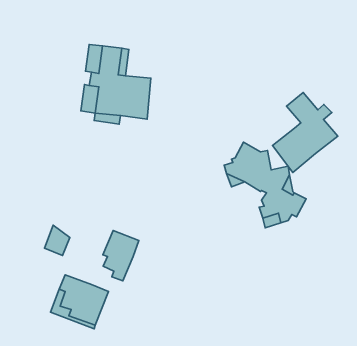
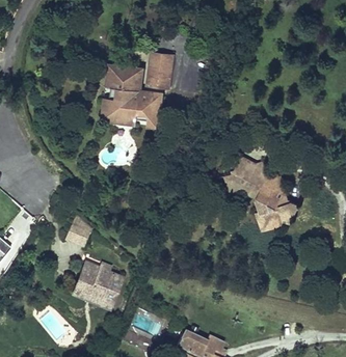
building: none -> [144,52,172,89]
building: [273,92,338,173] -> none
building: [103,231,139,281] -> none

